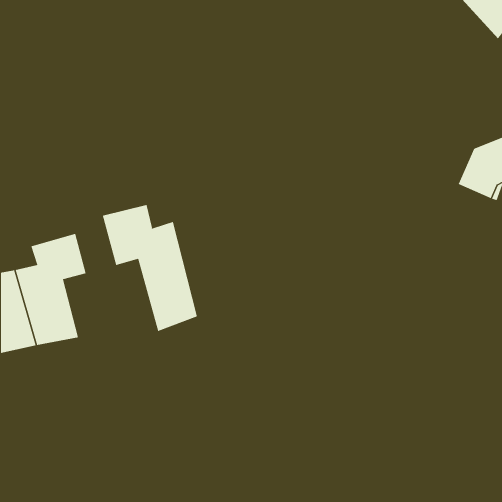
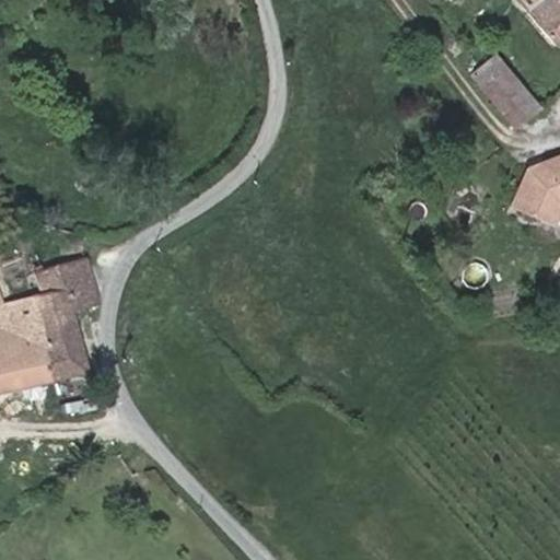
building: none -> [470,51,539,126]
building: [102,204,197,332] -> none

